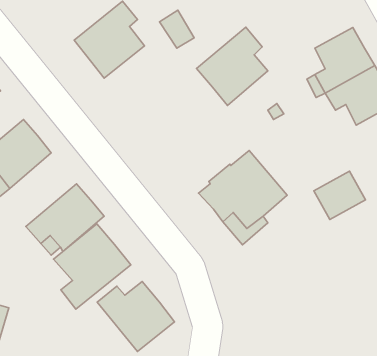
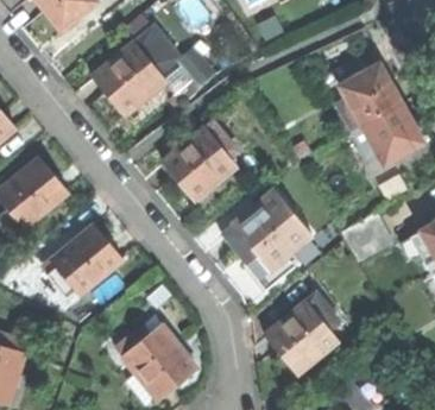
building: [196,27,268,105] -> [163,119,237,200]
building: [53,224,131,309] -> none
building: none -> [266,294,339,373]

